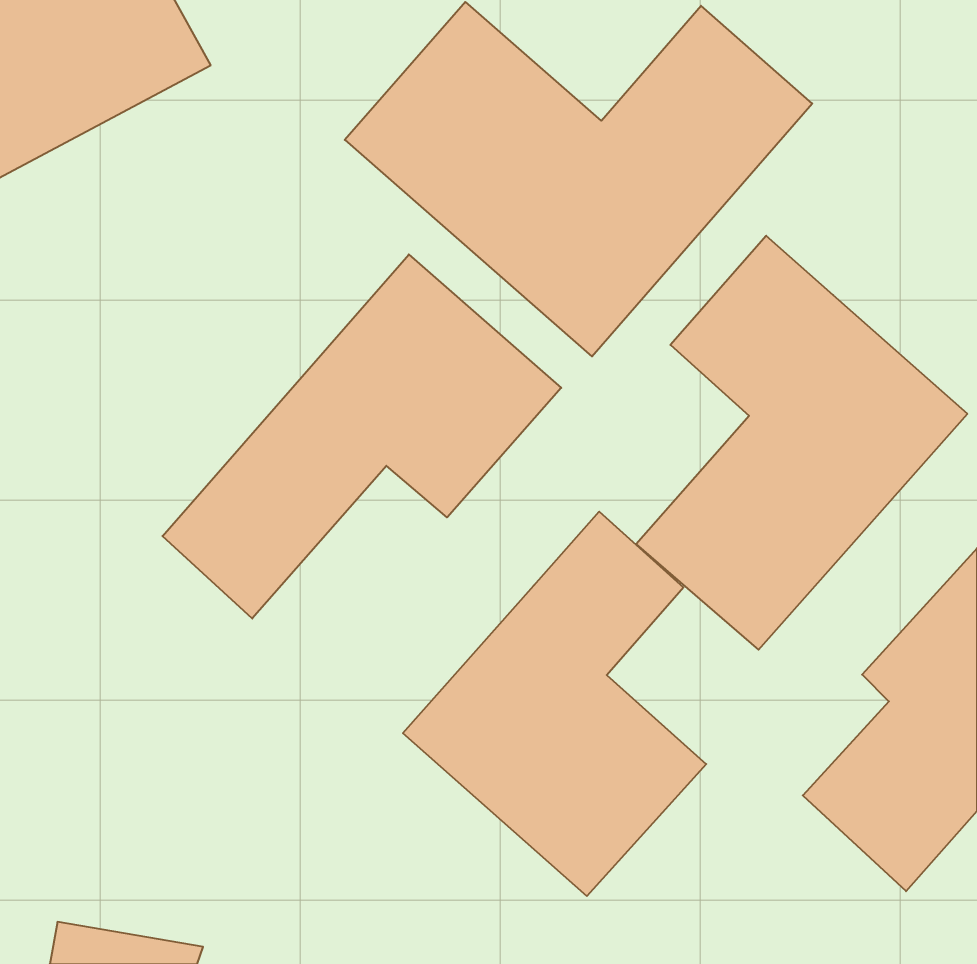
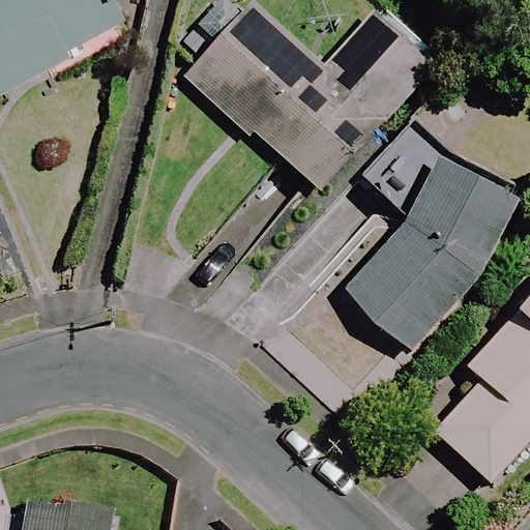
building: [162,254,561,619] -> none
building: [403,512,706,896] -> none

